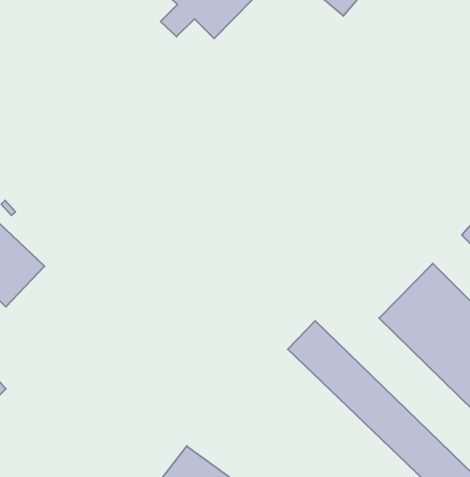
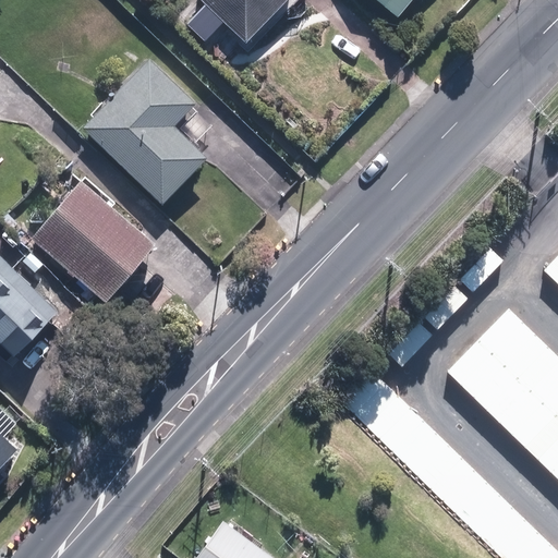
building: none -> [87,60,213,207]
building: none -> [34,180,159,303]

